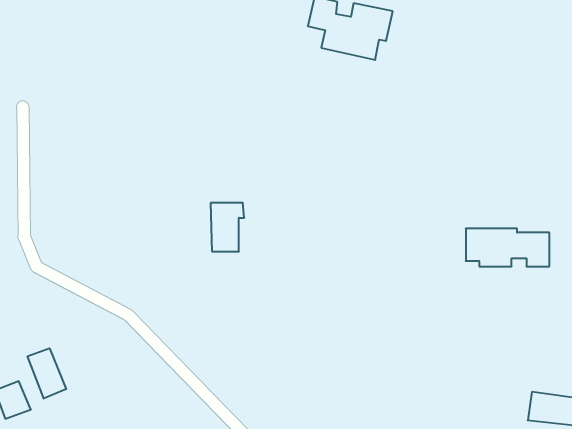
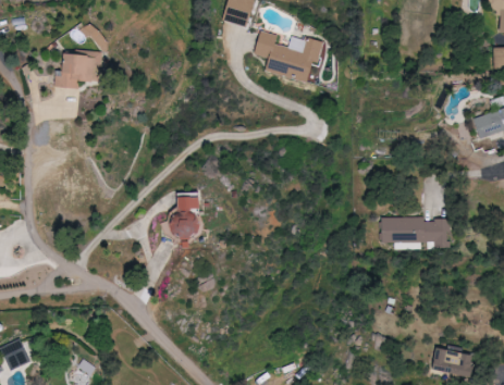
building: none -> [53,50,99,87]
building: [28,348,66,399] -> none

